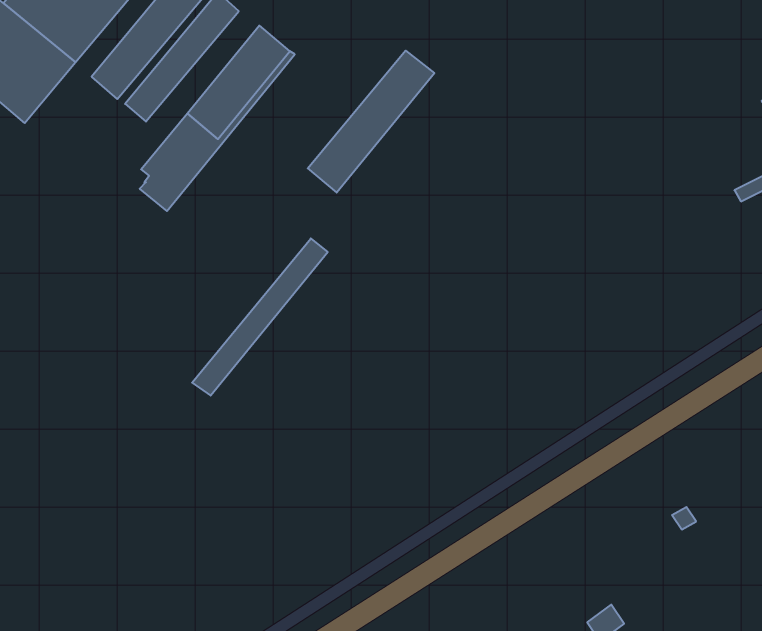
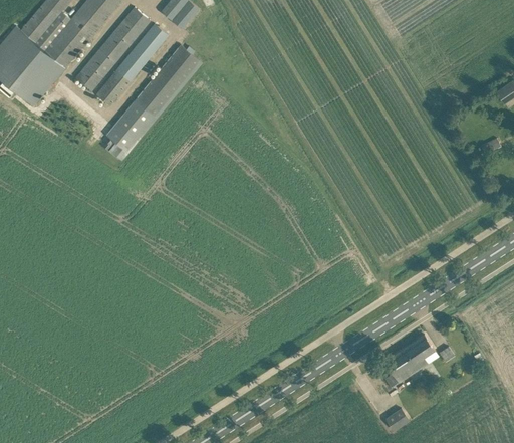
building: [308,51,434,193] -> none
building: [192,238,328,396] -> none
building: none -> [383,335,434,384]

